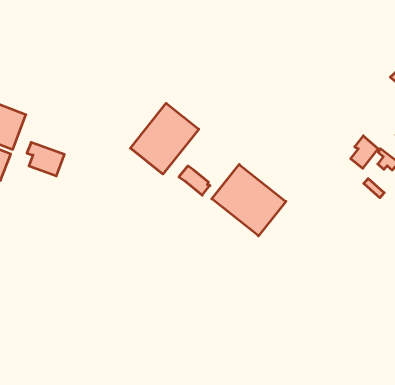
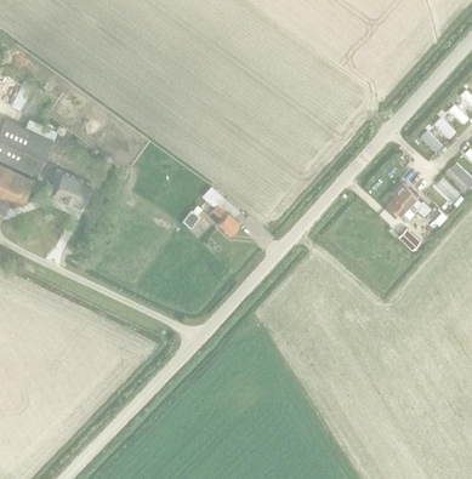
building: [130,103,199,174] -> none
building: [212,164,286,236] -> none

